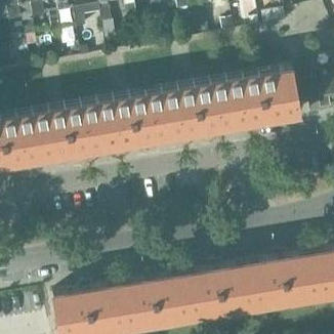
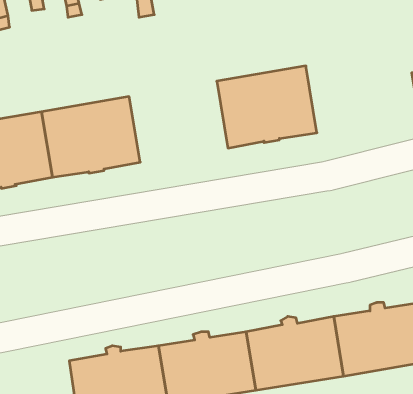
building: [227,67,300,127] -> none
building: [97,89,170,149] -> none

